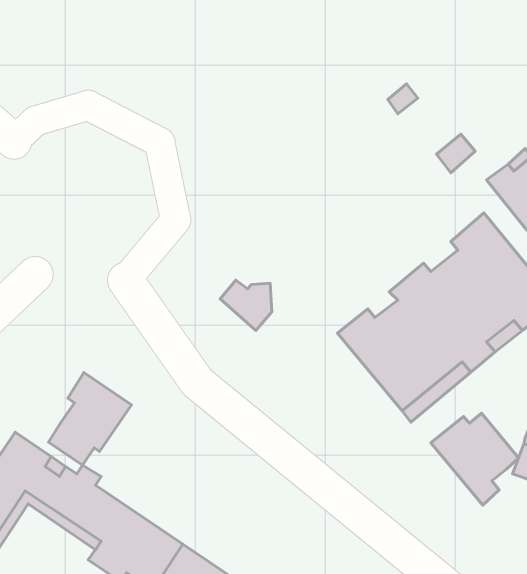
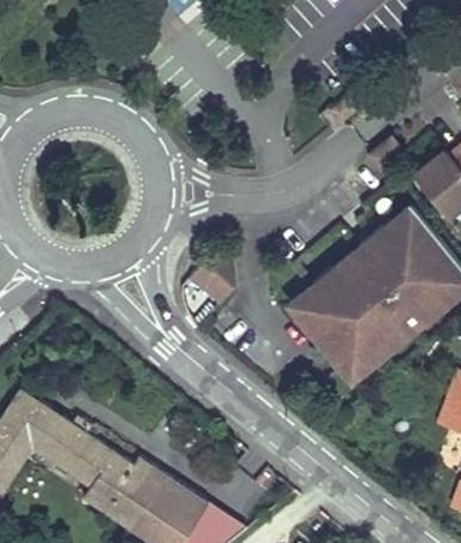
building: [48,373,132,465] -> none
building: [431,413,519,505] -> none

